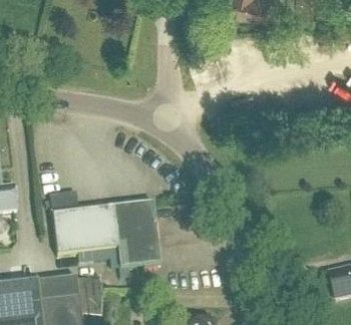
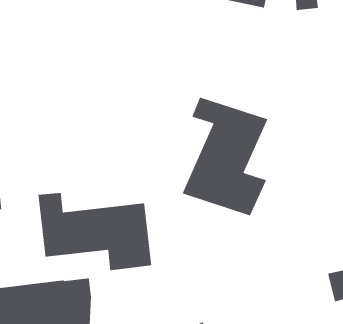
building: none -> [181,96,269,216]

